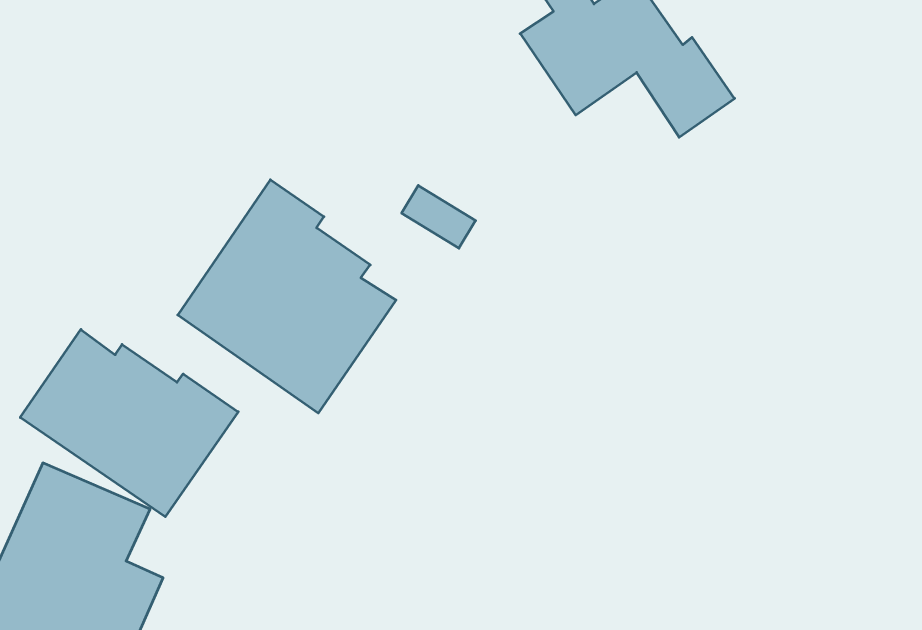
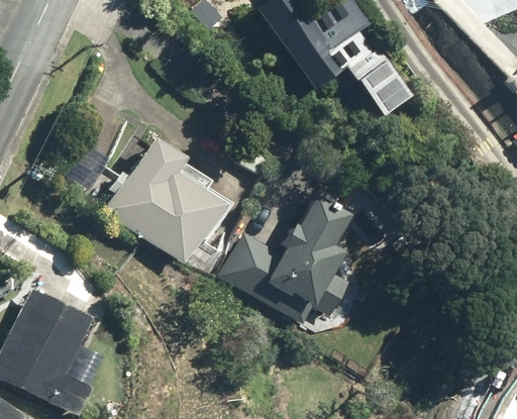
building: none -> [221,193,350,318]
building: [20,329,238,517] -> none

